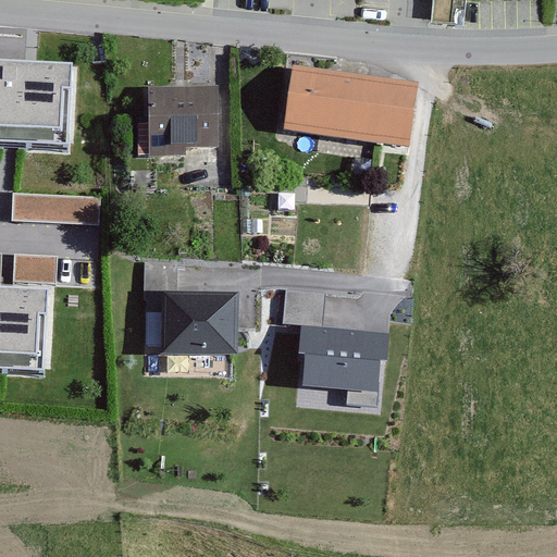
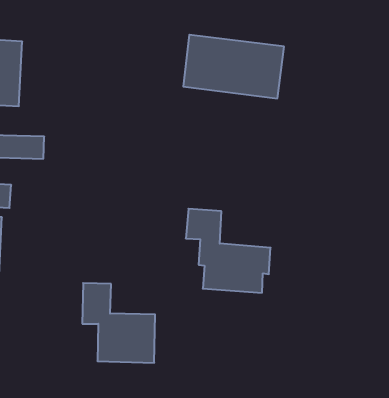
building: [135,85,208,146] -> none
building: [144,258,237,360] -> [82,283,155,363]

